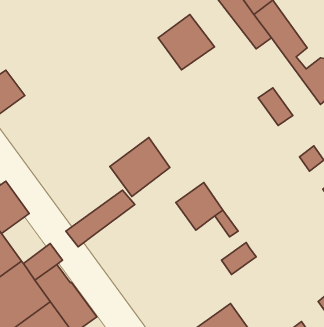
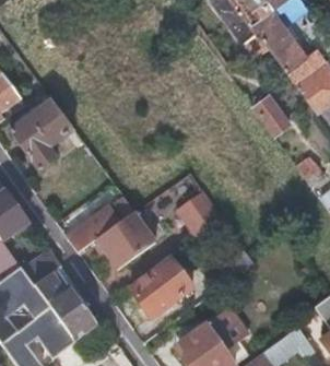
building: [158,15,215,70] -> none
building: none -> [10,98,74,169]
building: [110,138,170,196] -> [95,210,154,268]
building: none -> [129,259,192,318]

